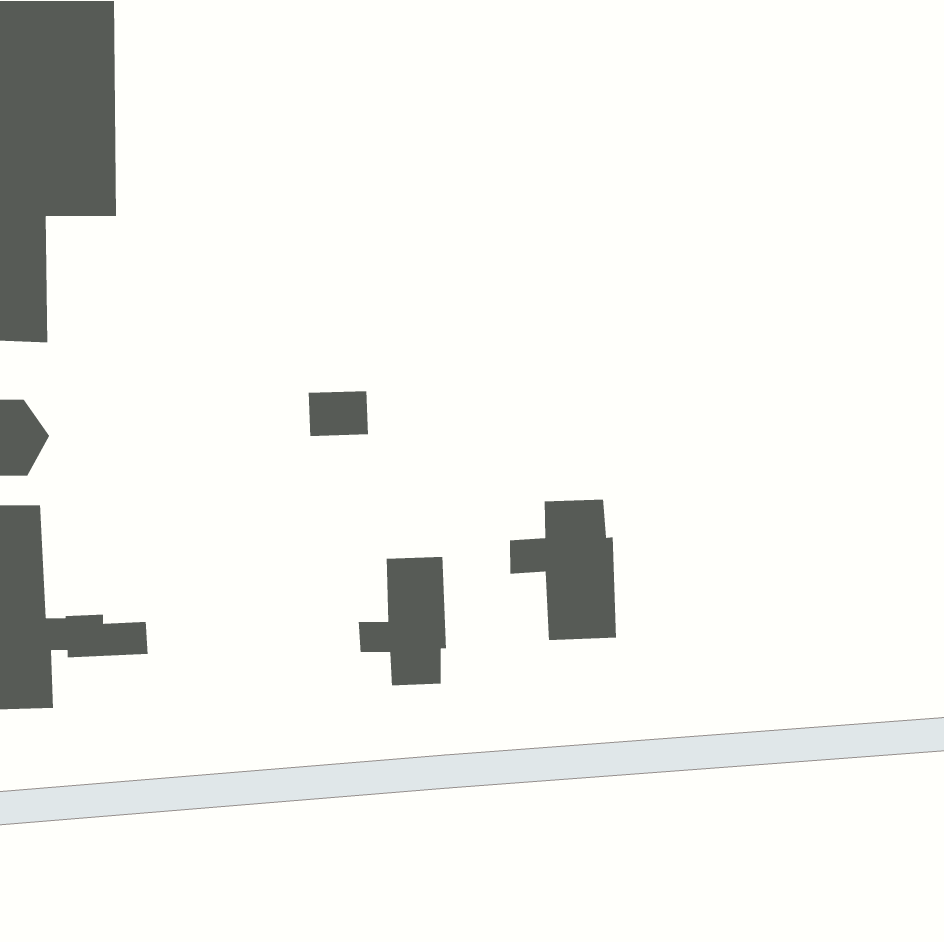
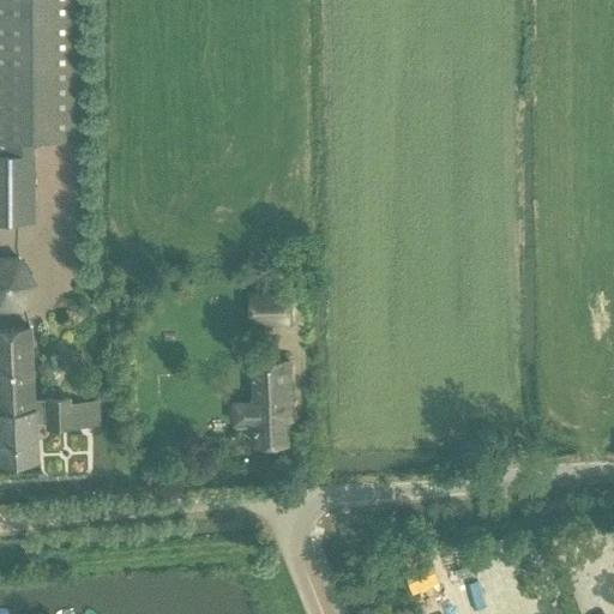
building: [308,390,369,437] -> [247,296,287,326]
building: [509,499,617,641] -> none

